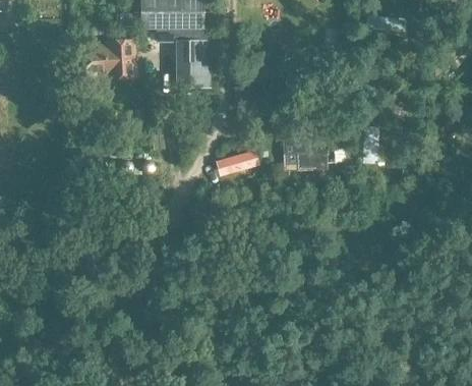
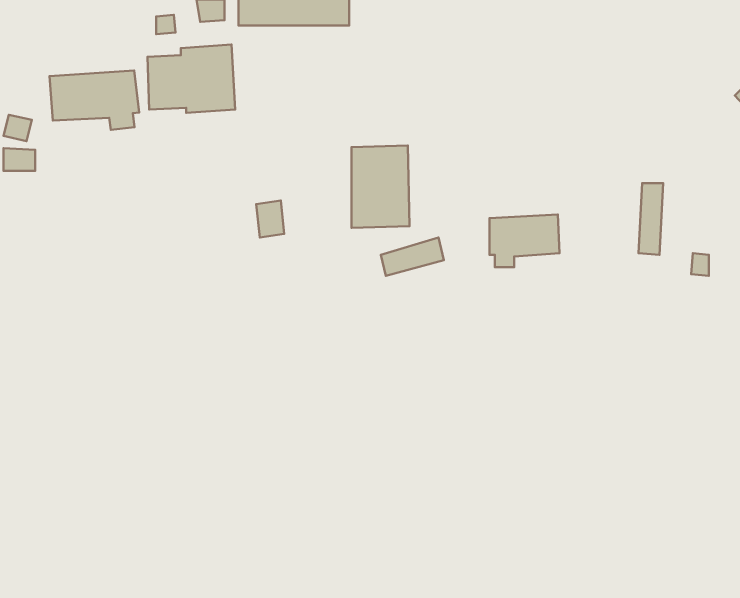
building: [175,38,209,86] -> [352,146,410,228]
building: none -> [49,70,139,130]

